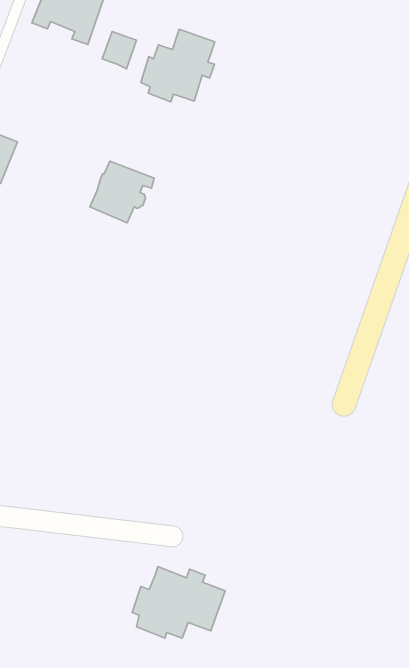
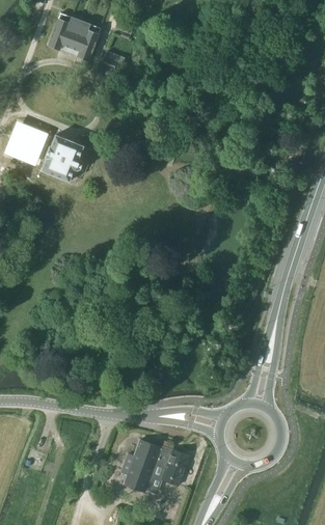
building: [141,29,215,102] -> none
building: [90,161,154,223] -> [42,137,88,182]

